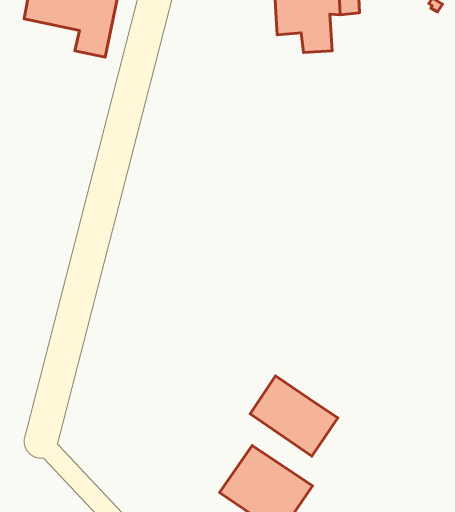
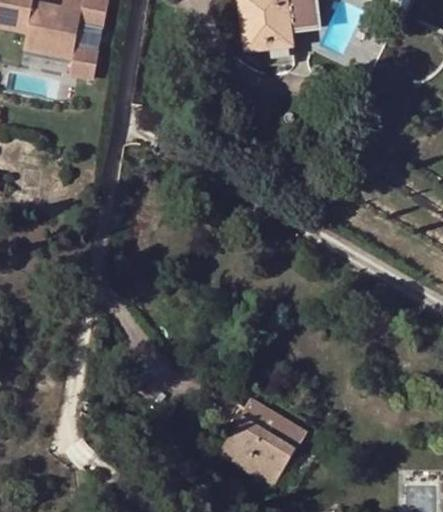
building: [250,376,338,456] -> none

